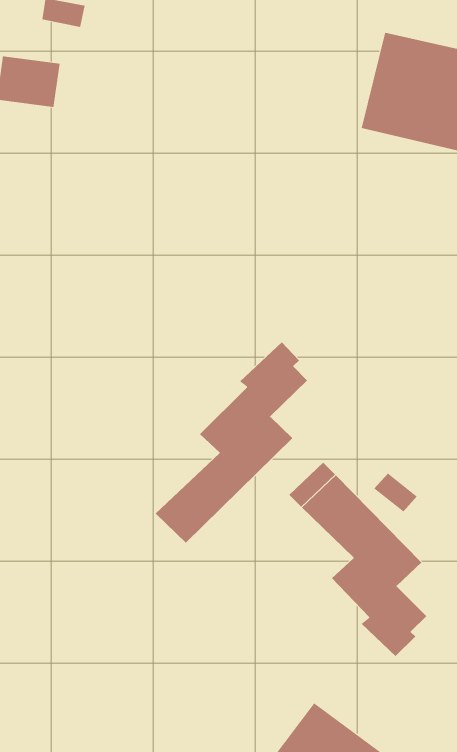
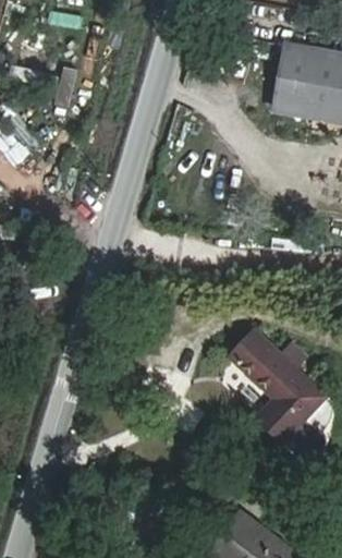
building: [155,342,308,544] -> none

